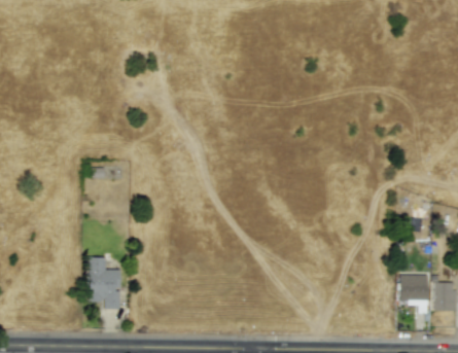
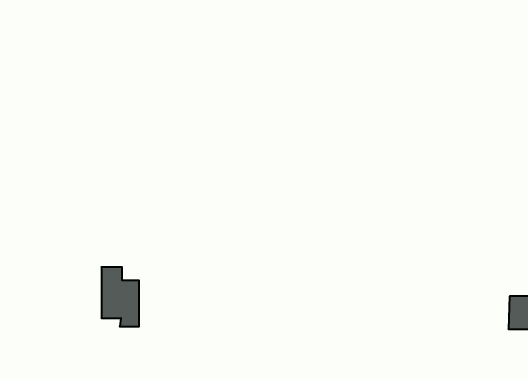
building: [399,274,428,304] -> none

